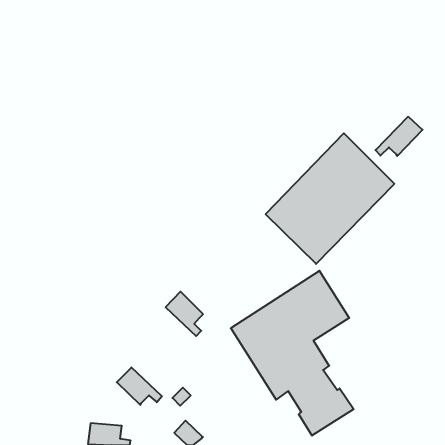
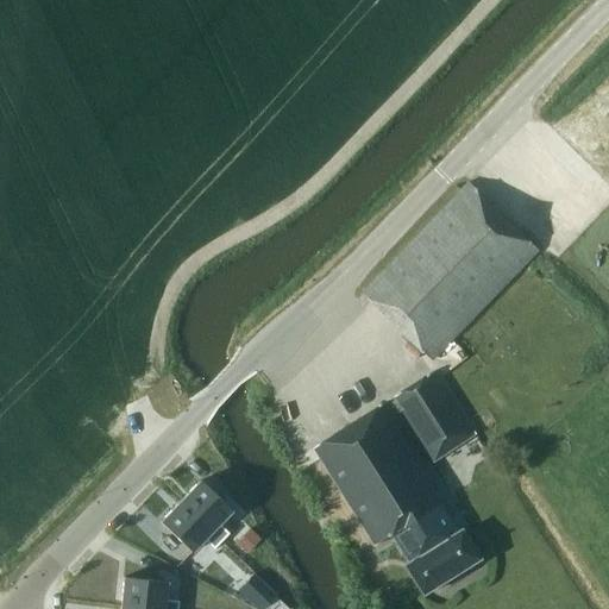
building: [375,117,423,156] -> none
building: [166,292,203,336] -> [180,481,231,541]

